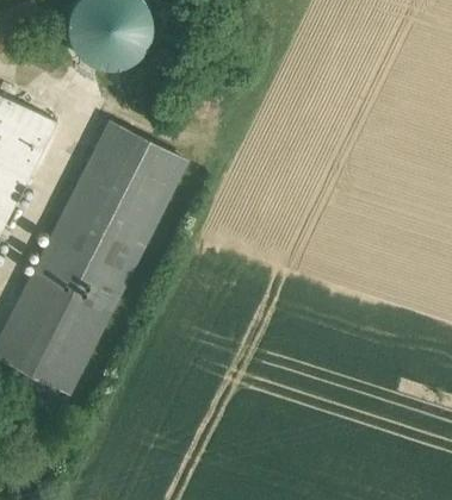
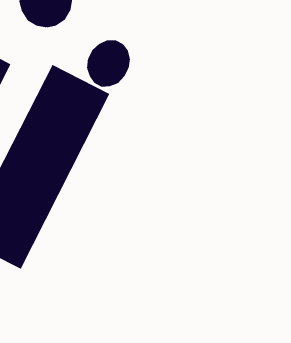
building: none -> [87,39,130,88]

